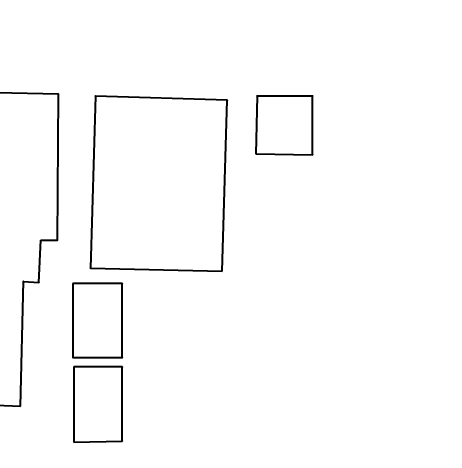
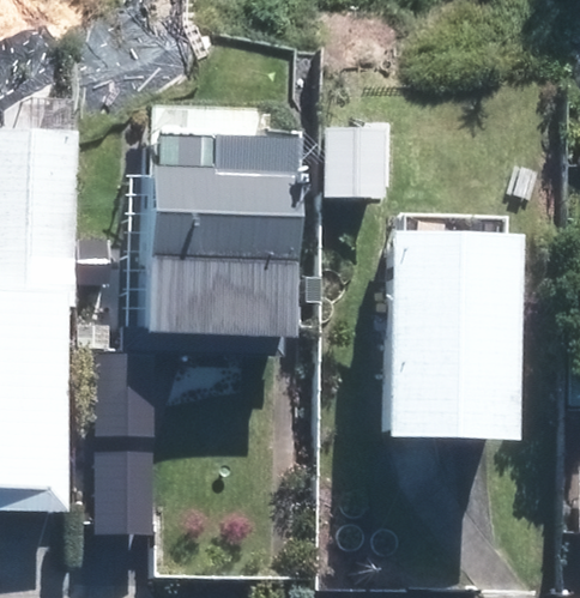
building: none -> [374,235,501,433]

